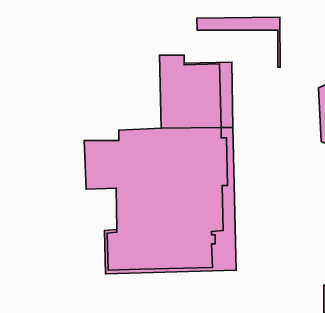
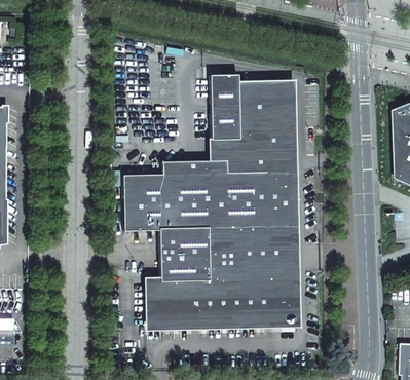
building: [197,17,280,67] -> none

